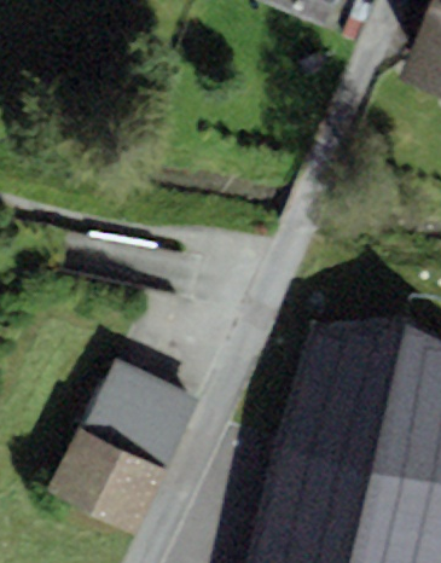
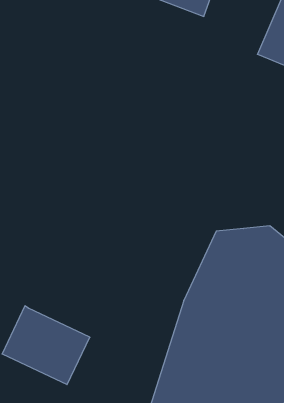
building: [87,359,205,469] -> none

